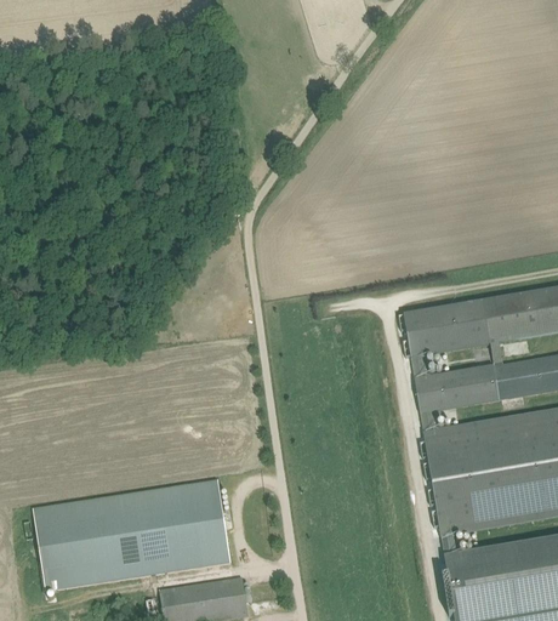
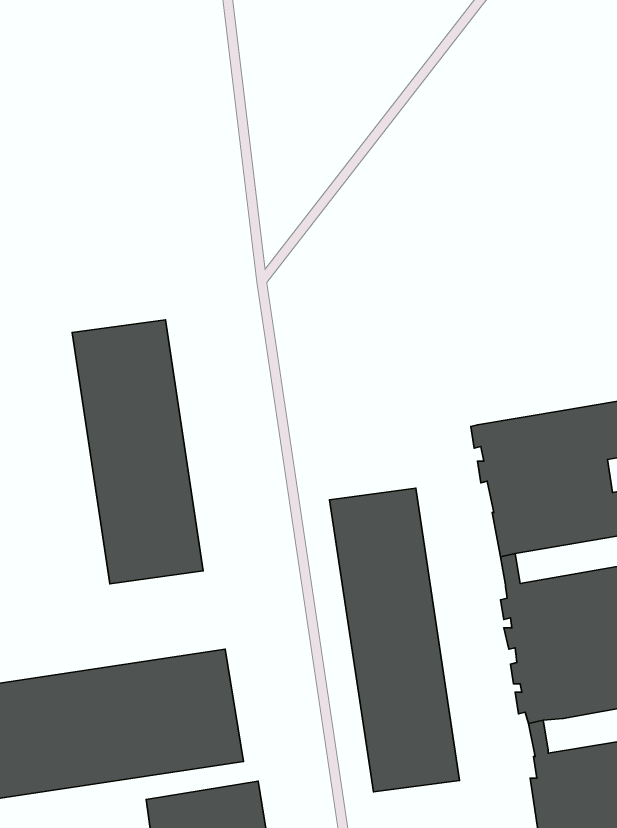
building: none -> [72,320,203,584]
building: none -> [329,488,460,792]

